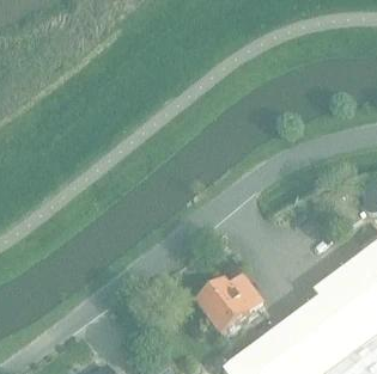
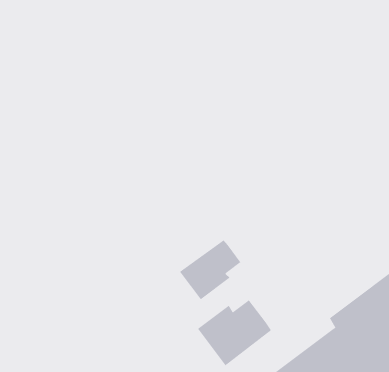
building: none -> [179,239,241,300]

